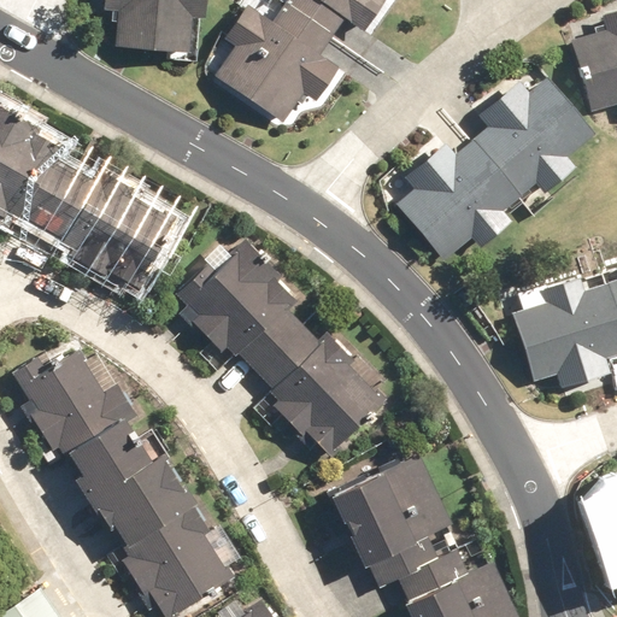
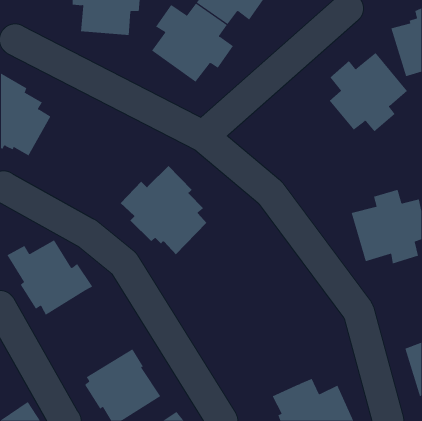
building: [400,143,516,260] -> none
building: [42,170,176,287] -> none
building: [257,325,388,458] -> none
building: [66,424,196,551] -> none
building: [330,456,452,588] -> none

